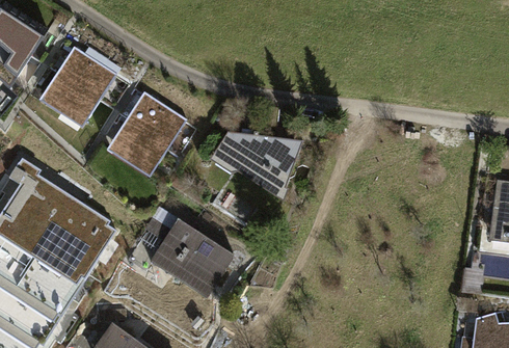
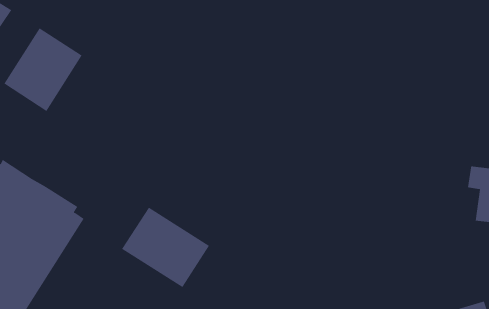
building: [107,93,186,178] -> none
building: [211,131,303,203] -> none

